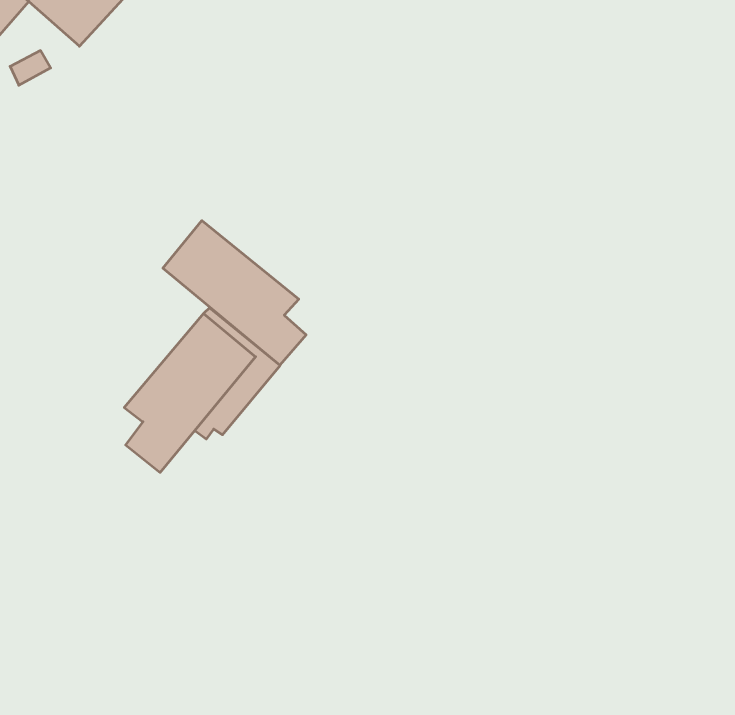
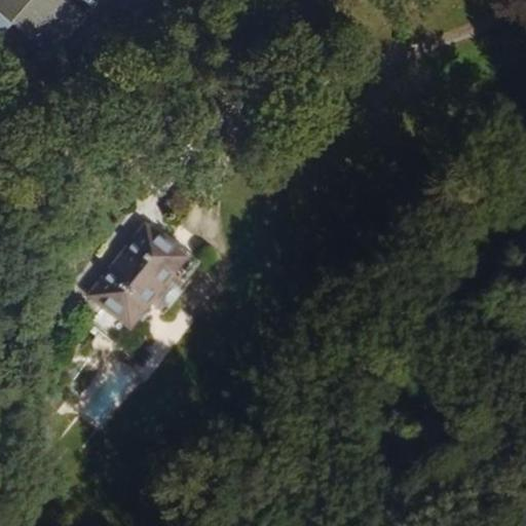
building: [163,221,306,365] -> none

